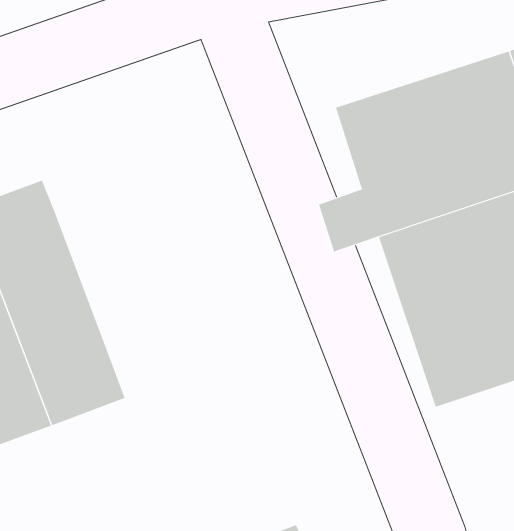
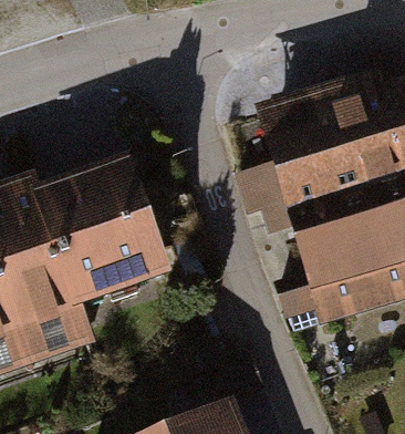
building: none -> [50,162,165,298]

